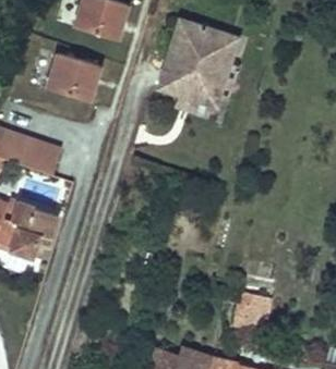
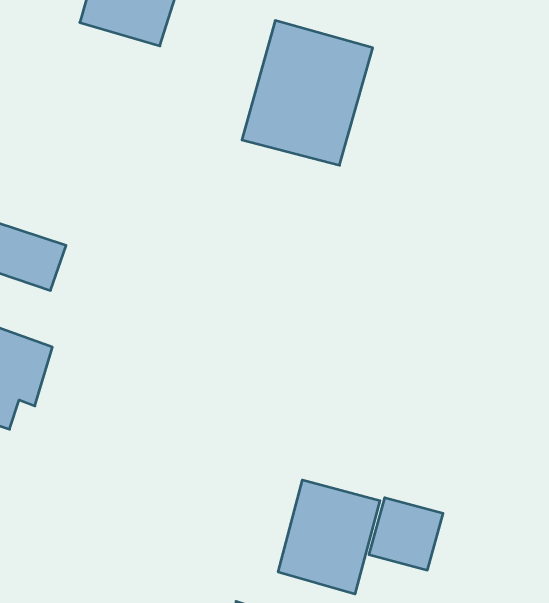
building: [45,56,98,103] -> none
building: none -> [278,480,380,594]

